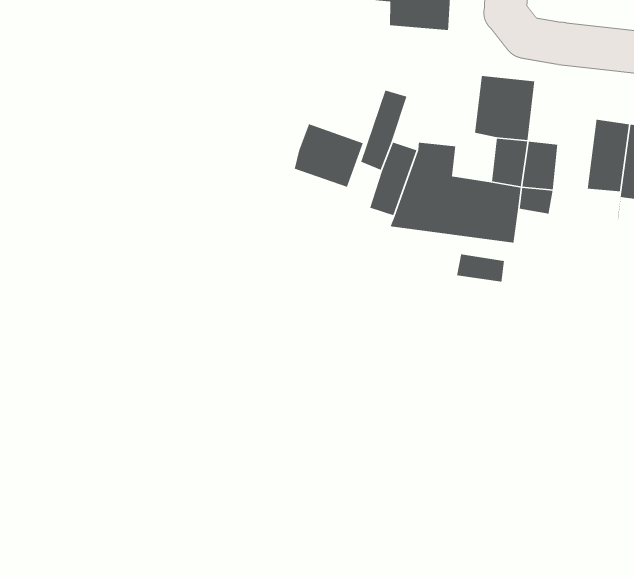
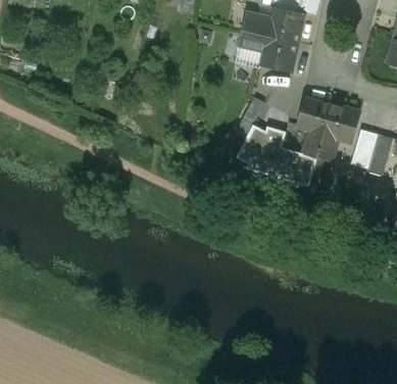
building: none -> [324,104,359,143]
building: [294,123,364,188] -> none

